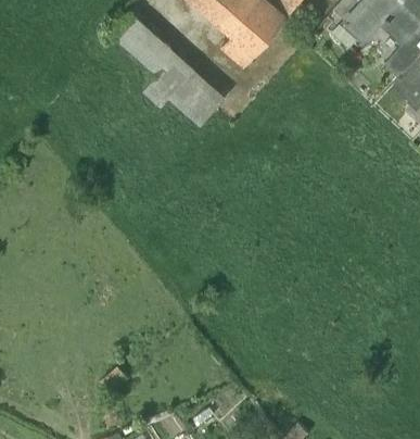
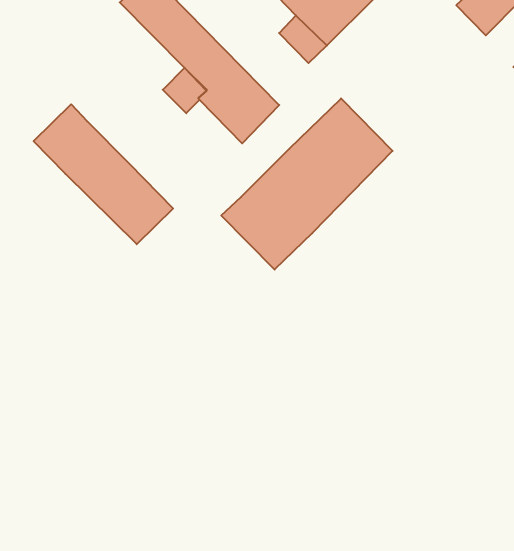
building: none -> [221,98,393,270]
building: none -> [34,104,173,244]

